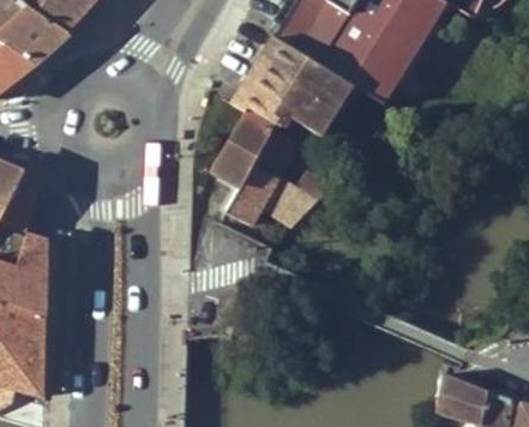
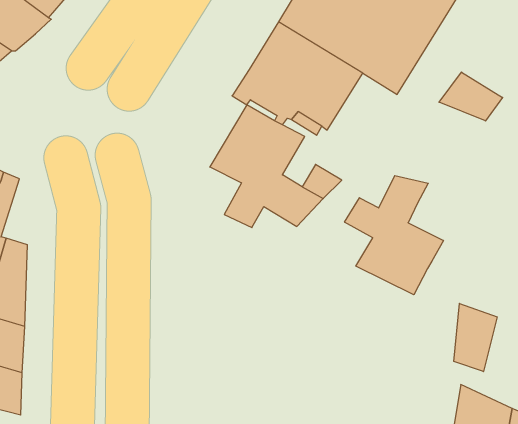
building: none -> [439,72,503,121]
building: none -> [345,176,443,295]
building: none -> [454,303,497,372]

